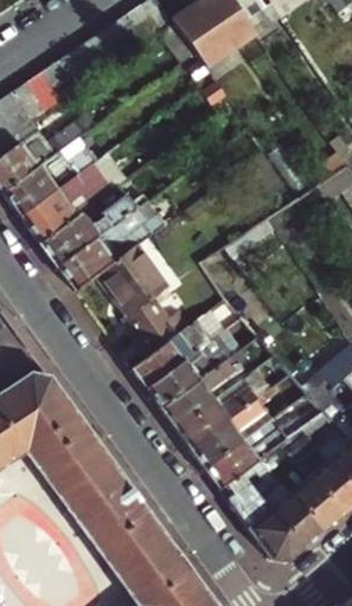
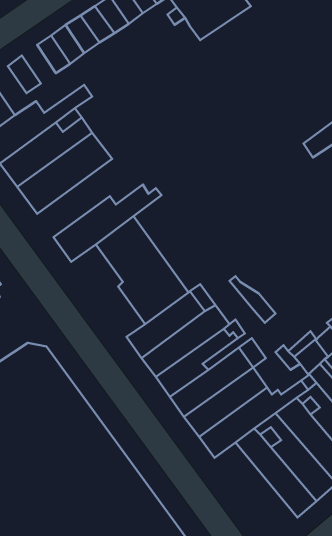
building: [39,182,147,266] -> none
building: [218,473,302,561] -> none

